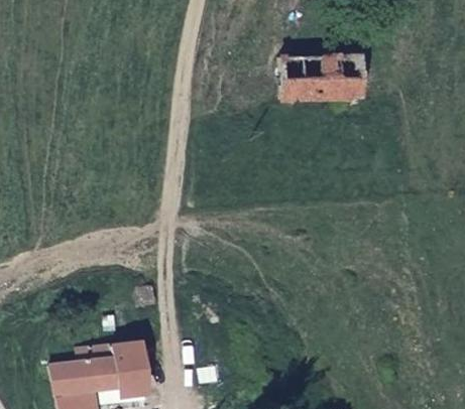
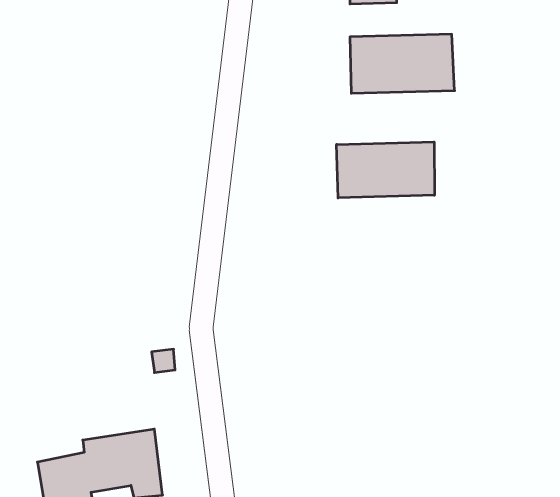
building: none -> [337,142,434,198]

